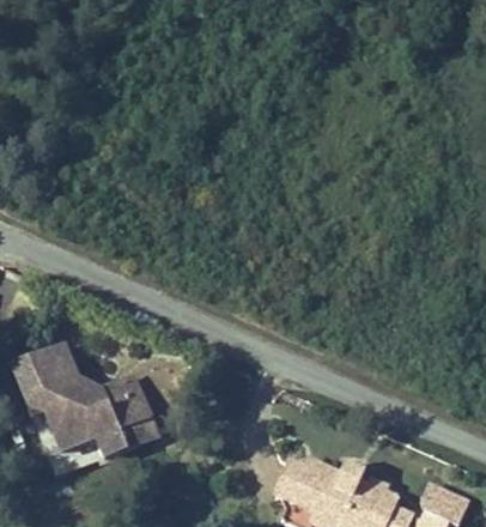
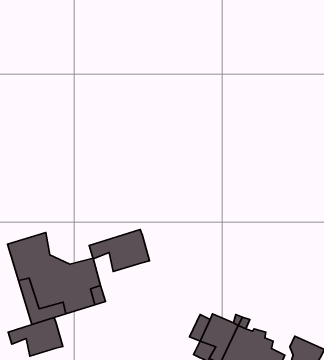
building: none -> [89,229,150,272]
building: none -> [8,317,63,356]

